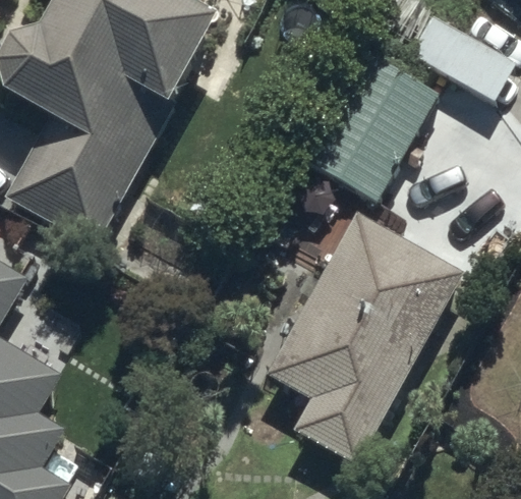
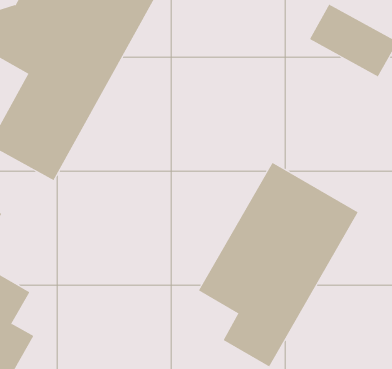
building: [304,50,440,204] -> none

